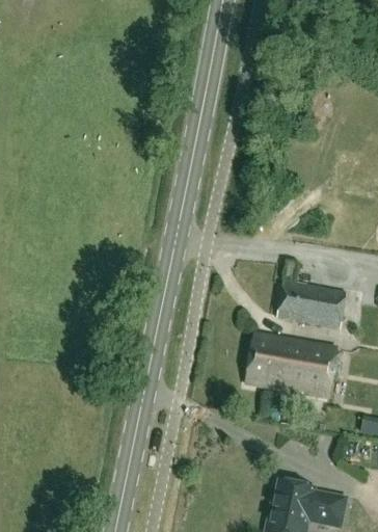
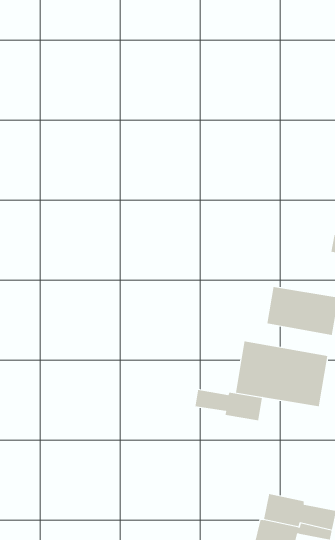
building: none -> [195,389,263,421]

